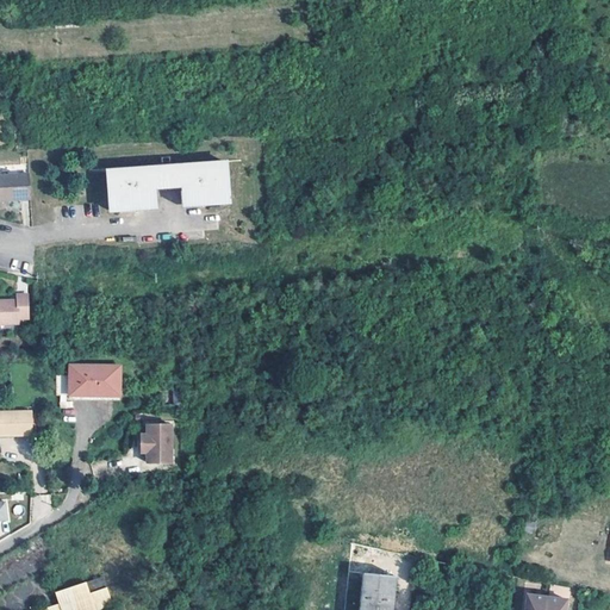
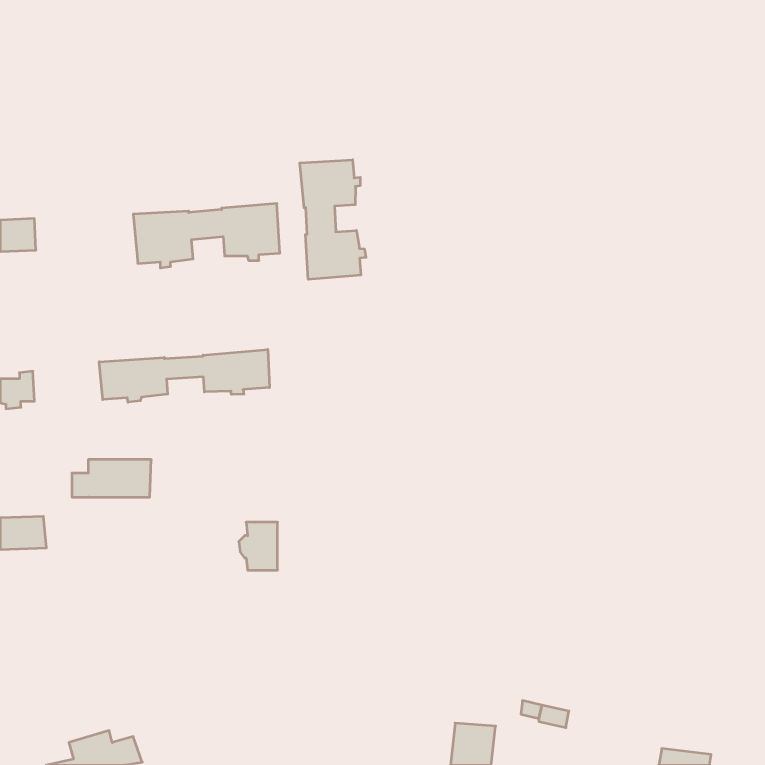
building: none -> [300,160,366,279]
building: none -> [99,349,269,402]
building: [138,422,169,460] -> [239,522,278,570]

